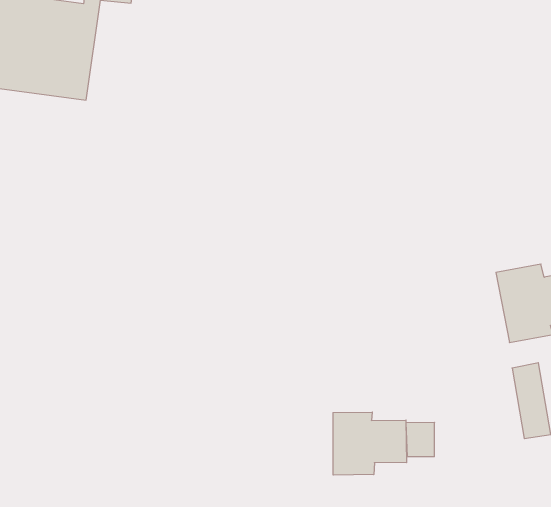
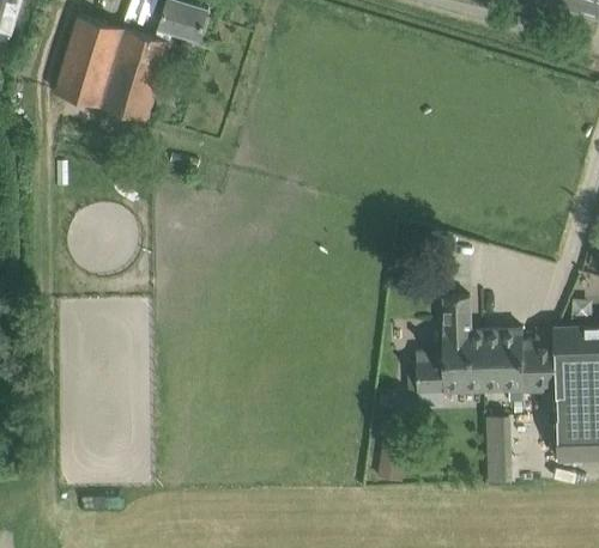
building: none -> [417,299,484,396]
building: [333,412,407,475] -> none

